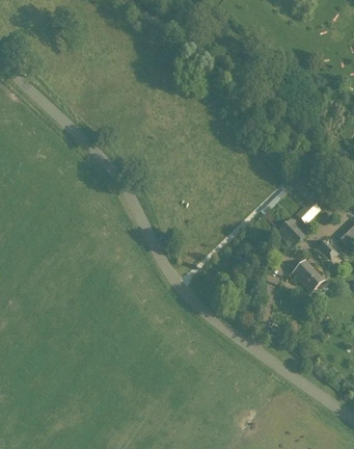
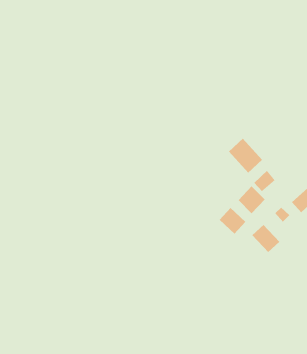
building: none -> [228,138,263,173]
building: none -> [219,207,246,235]

